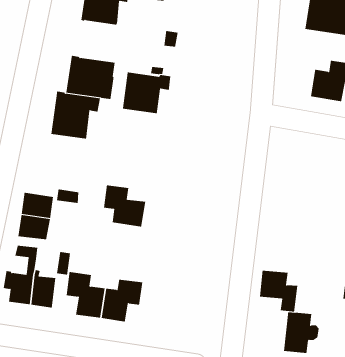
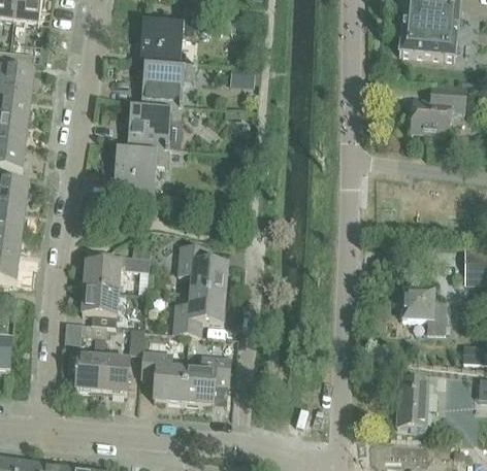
building: [122,72,171,114] -> [141,58,196,104]
building: none -> [174,290,225,333]
building: [259,270,298,312] -> [402,287,447,333]

